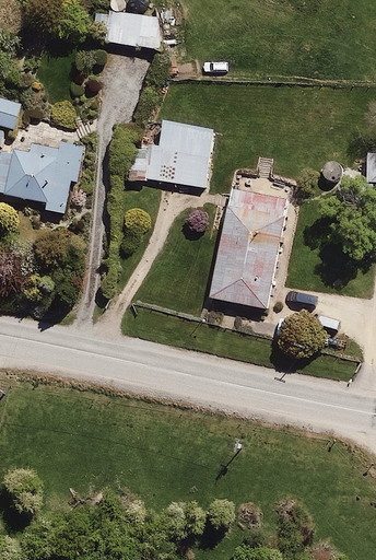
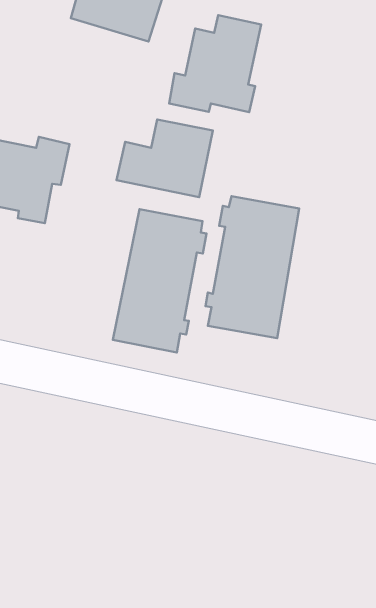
building: none -> [169,15,261,112]
building: none -> [113,209,207,352]

